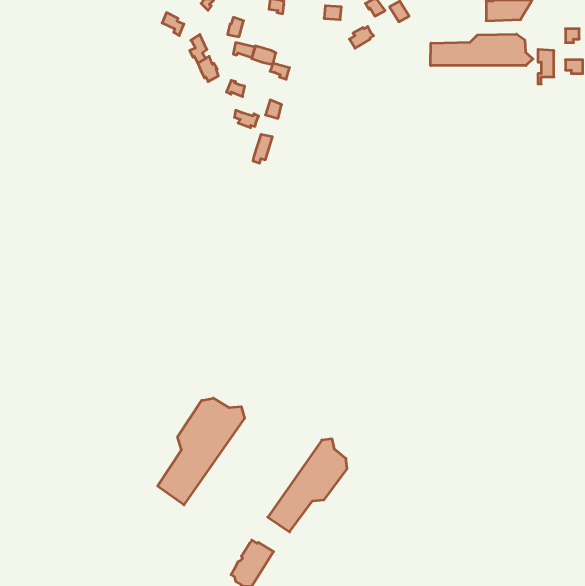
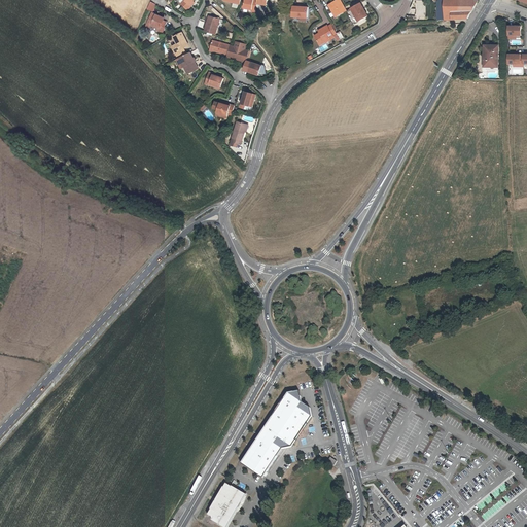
building: [431,34,533,66] -> none
building: [158,398,245,505] -> none

